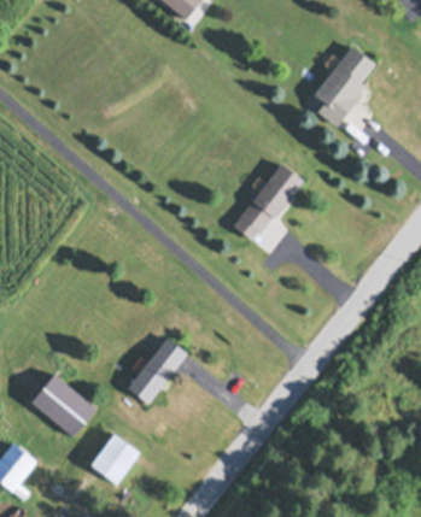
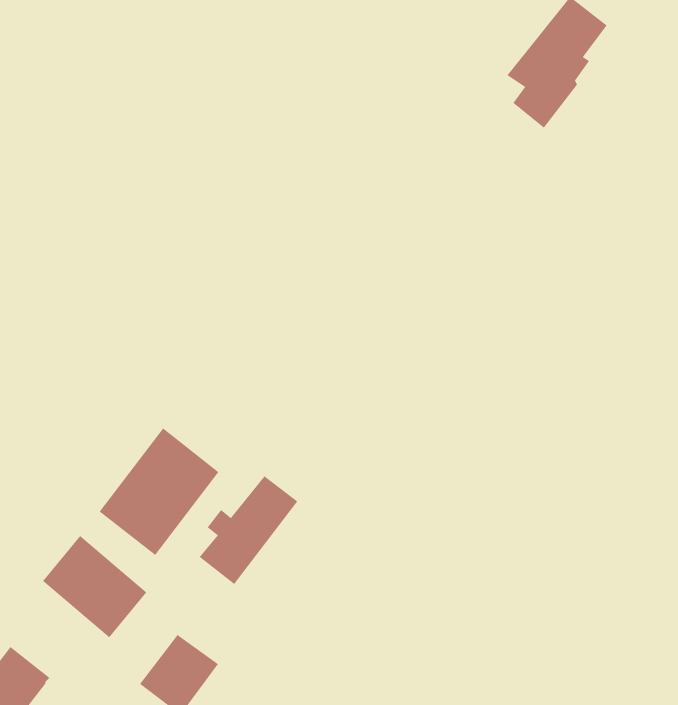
building: [233,164,303,241] -> none
building: none -> [99,428,219,556]

